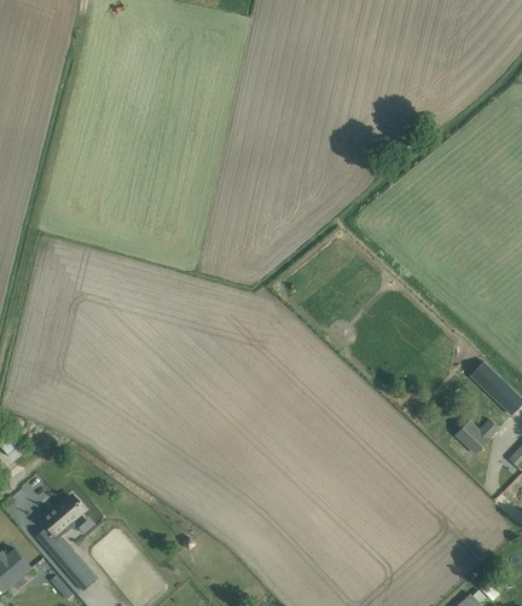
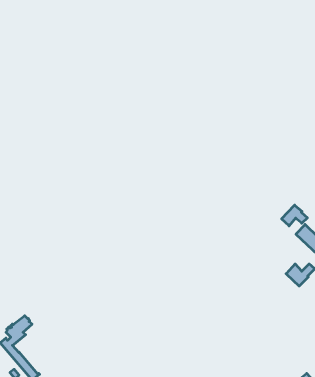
building: none -> [282,205,307,226]

